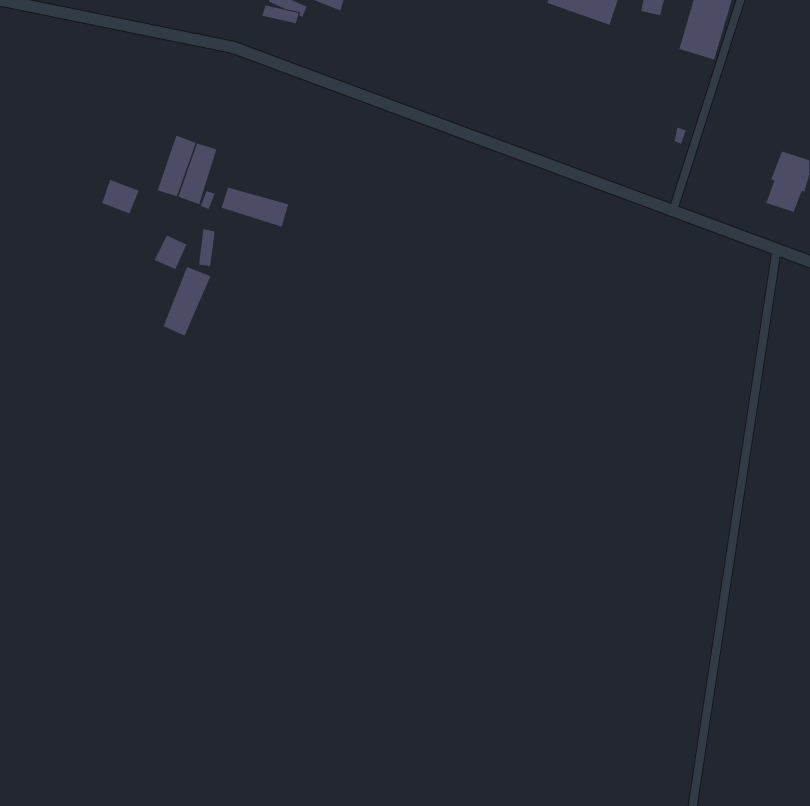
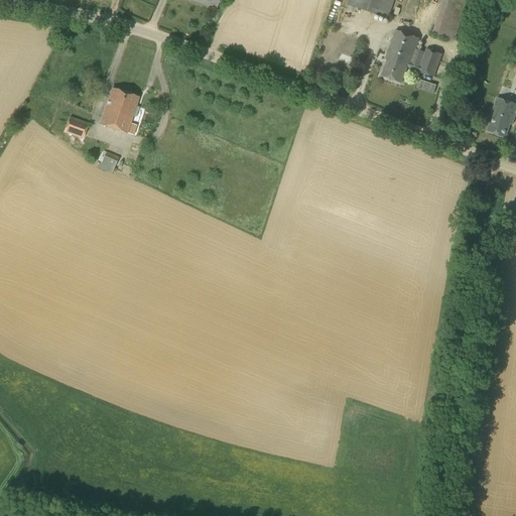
building: none -> [381,27,441,80]
building: [221,187,289,228] -> none
building: [163,266,211,336] -> none

